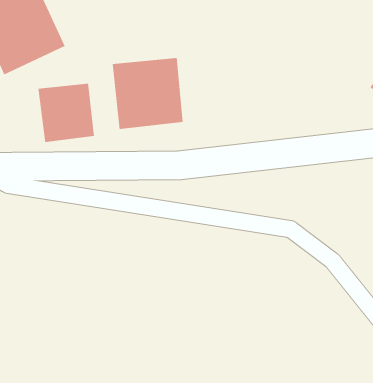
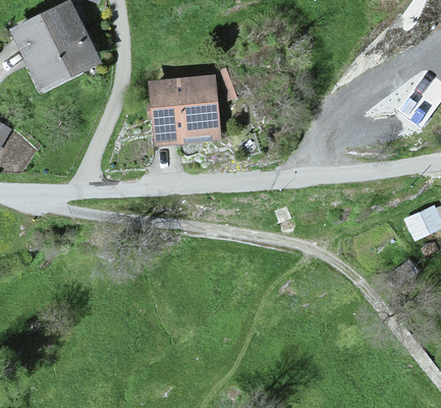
building: [38,83,94,143] -> none

